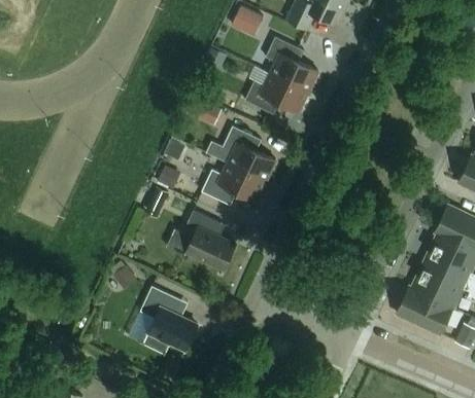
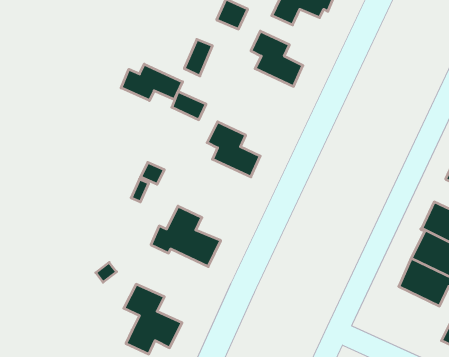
building: none -> [121,64,183,101]
building: [245,74,308,114] -> none
building: [202,164,266,205] -> none
building: [396,287,452,335] -> none

